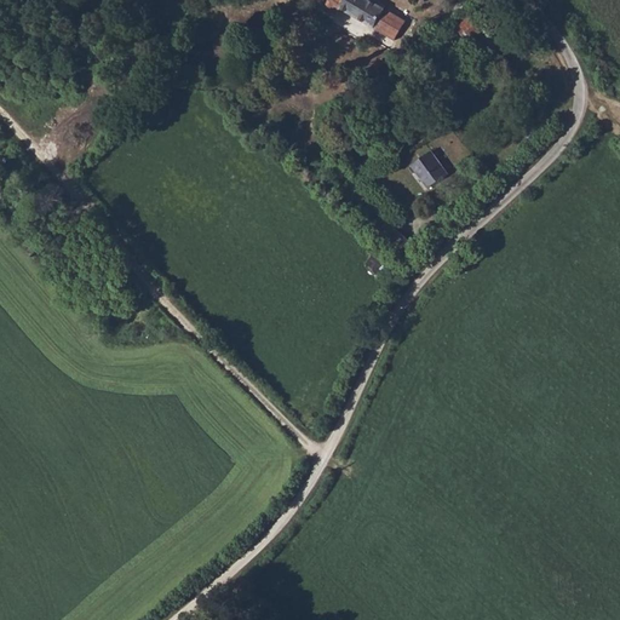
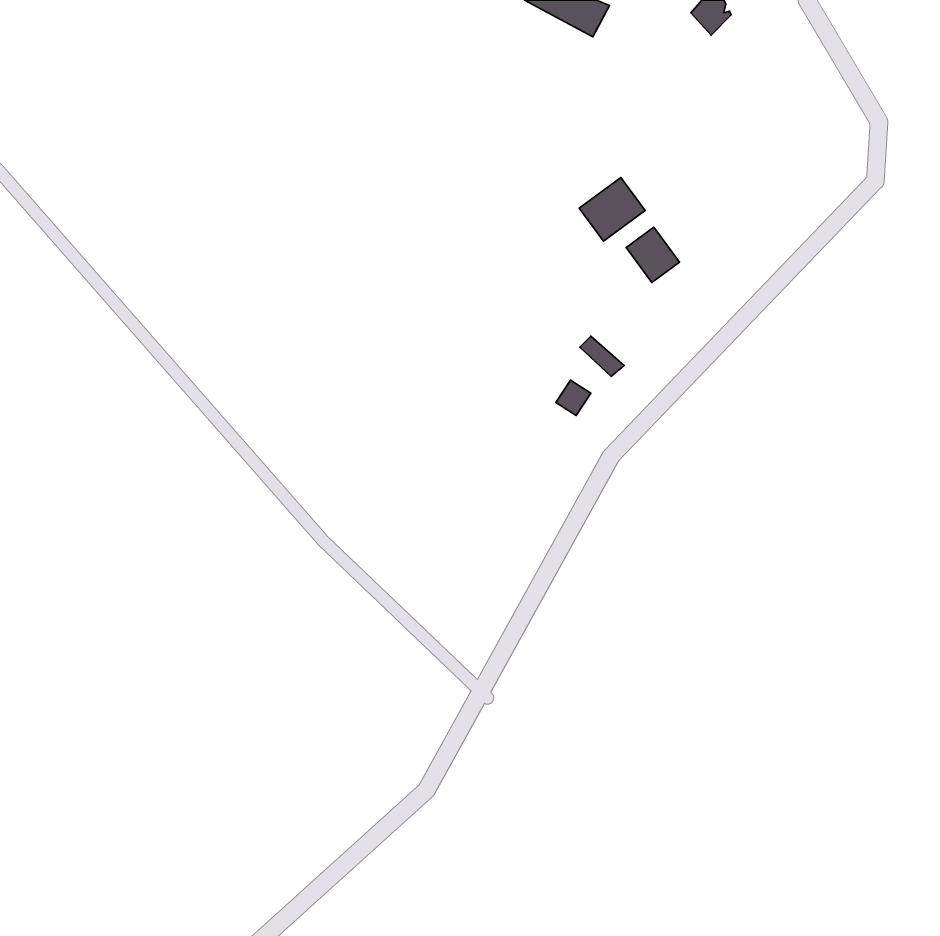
building: none -> [579,177,645,241]

